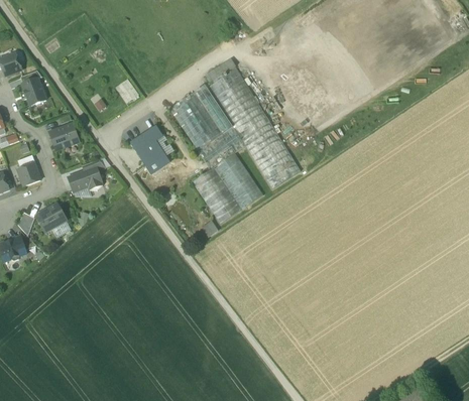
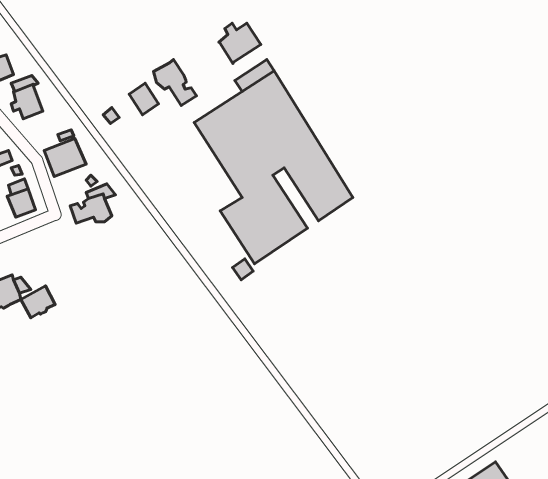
building: none -> [219,23,261,63]
building: none -> [153,60,196,106]
building: [132,126,168,170] -> none
building: [36,205,65,231] -> [21,286,55,318]

